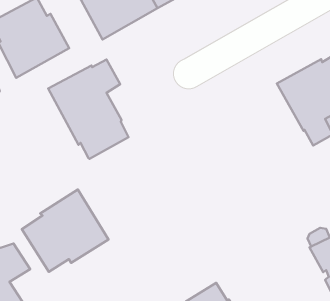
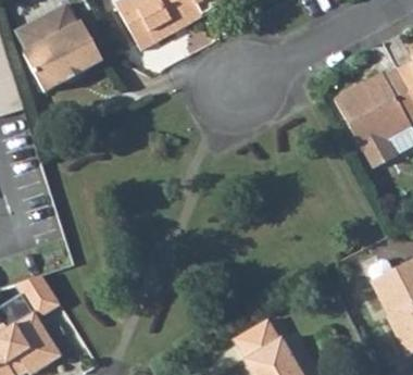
building: [48,59,129,159] -> none
building: [22,189,108,272] -> none

